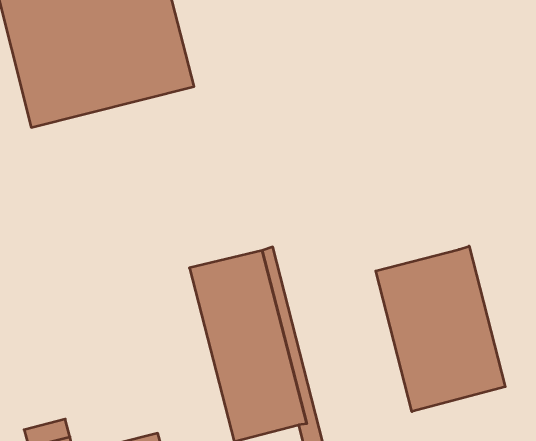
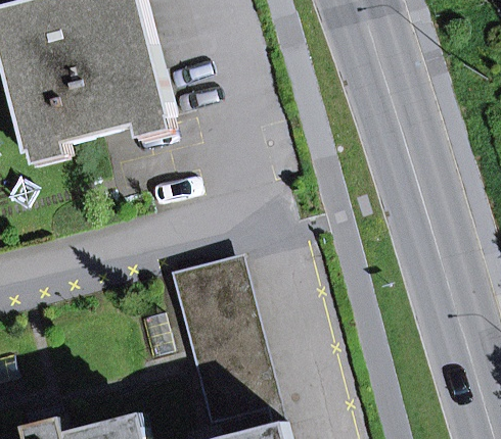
building: [376,246,505,412] -> none

